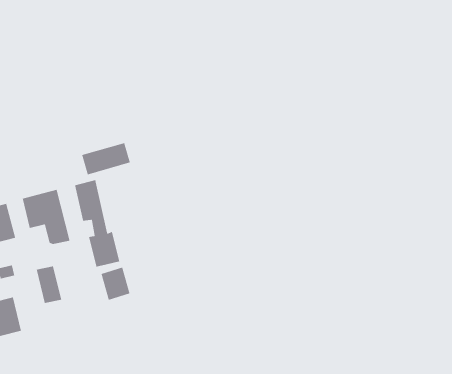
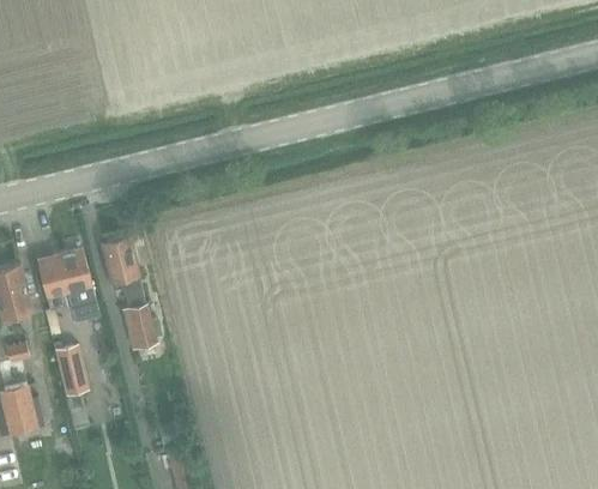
building: [81,142,131,175] -> none
building: [100,267,131,301] -> none

